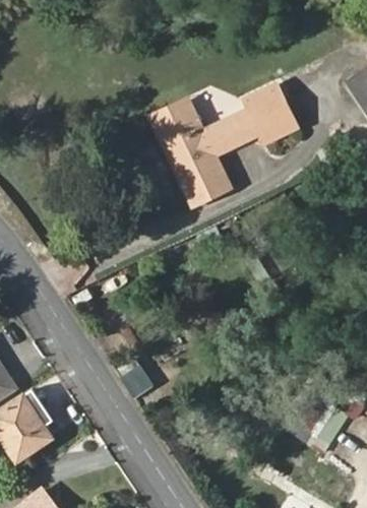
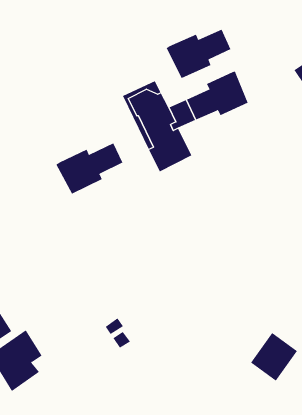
building: none -> [166,29,231,79]
building: none -> [56,143,123,194]

